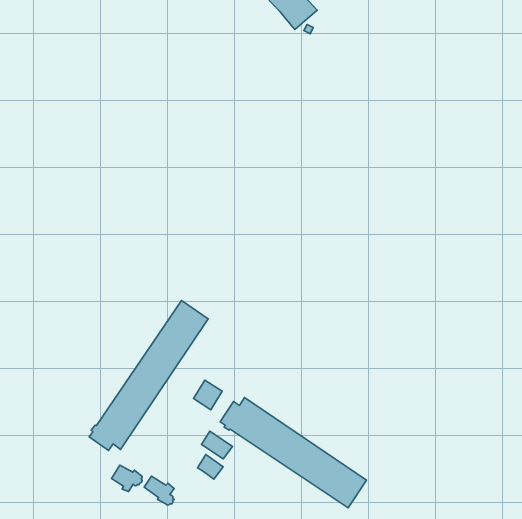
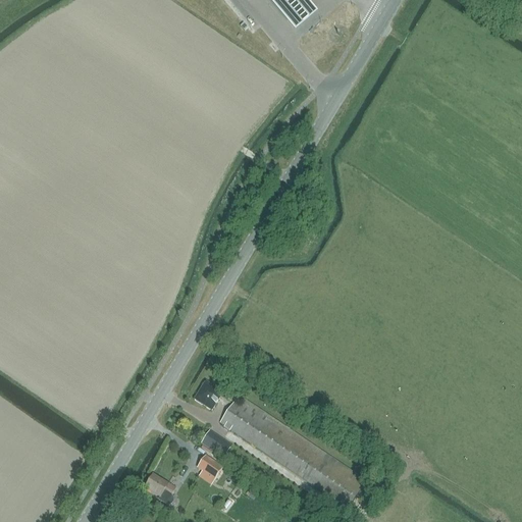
building: [89,300,208,450] -> none
building: [111,465,142,492] -> none

